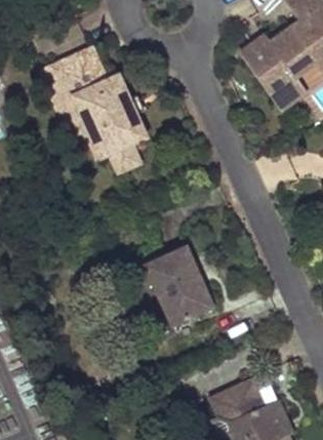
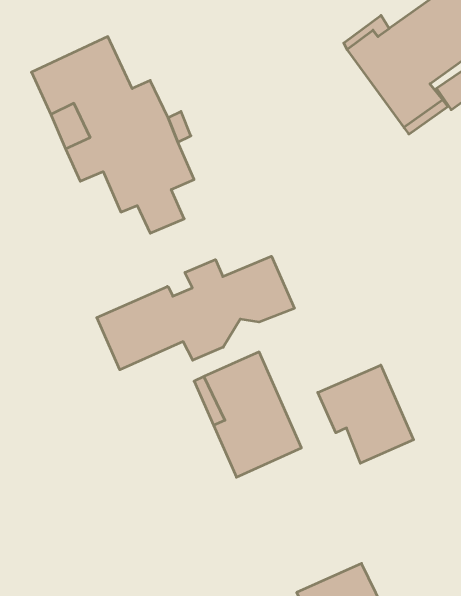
building: none -> [97,256,294,370]
building: none -> [318,365,414,463]

